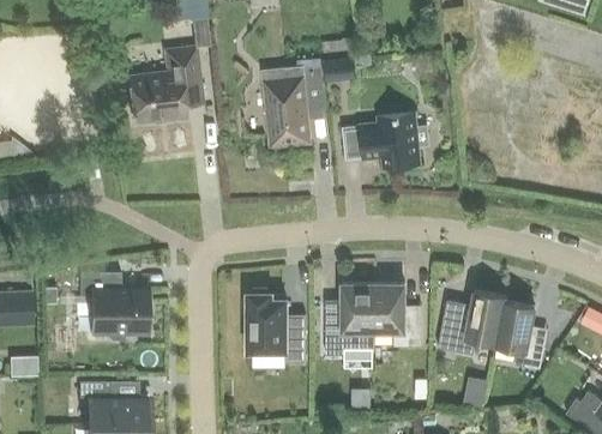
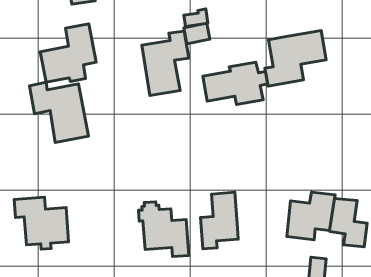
building: none -> [265,30,326,86]
building: none -> [30,82,89,142]
building: [373,284,421,346] -> none

